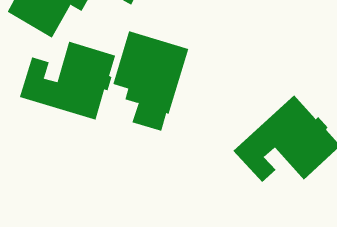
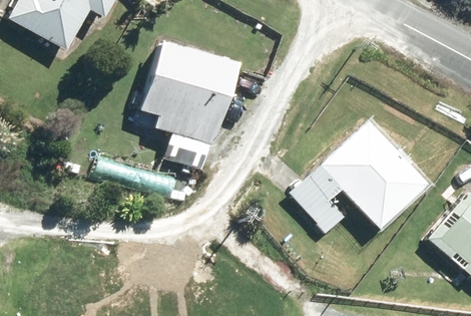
building: [19,41,116,120] -> none

